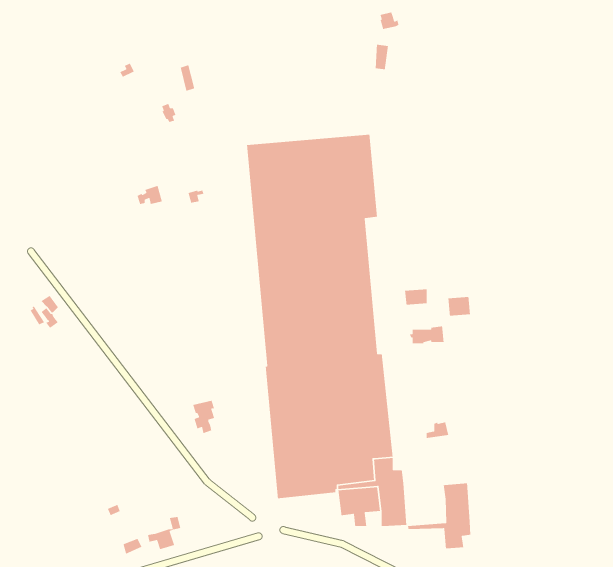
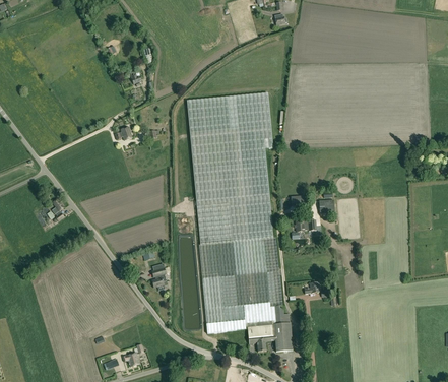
building: [407,482,471,549] -> none

